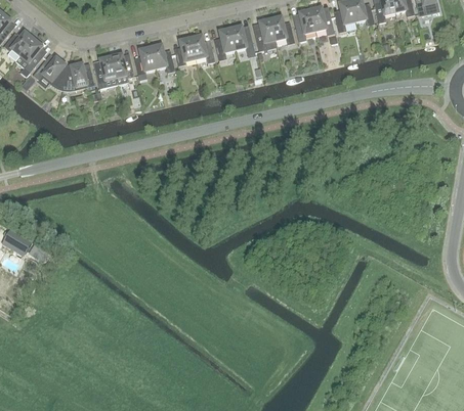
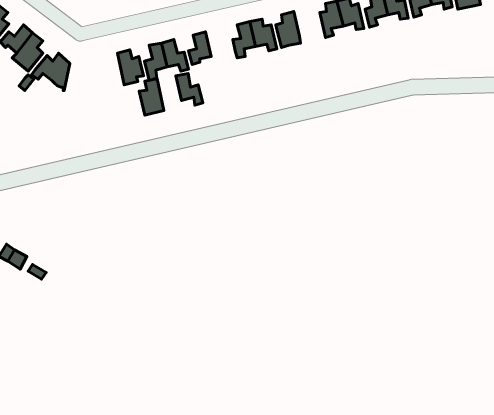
building: [270,14,295,44] -> none
building: [191,34,215,62] -> [176,74,203,105]
building: [94,55,117,88] -> [139,79,164,115]
building: [62,61,95,90] -> none

